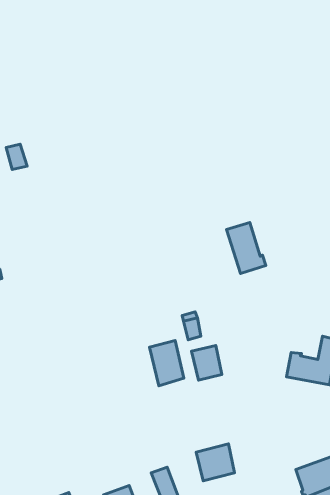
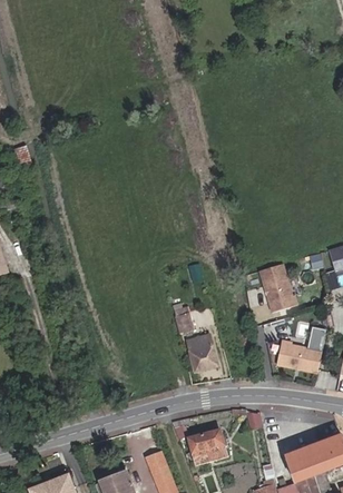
building: [227,223,266,274] -> [256,264,294,313]
building: [150,341,184,386] -> none

